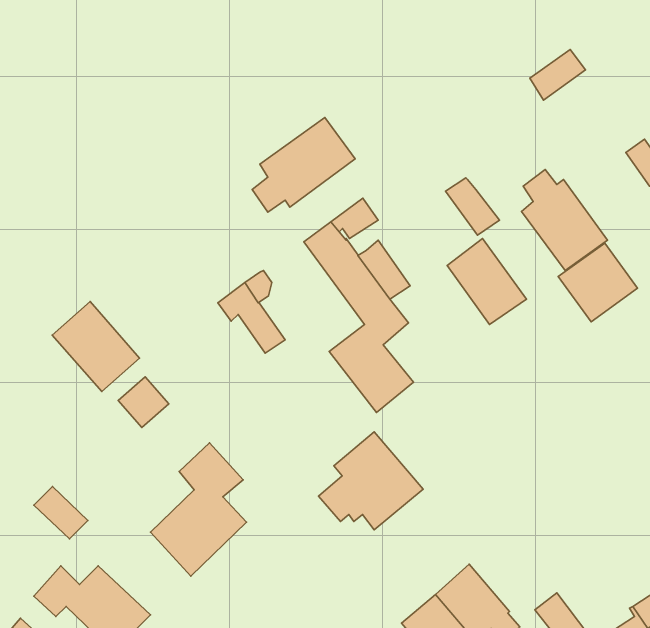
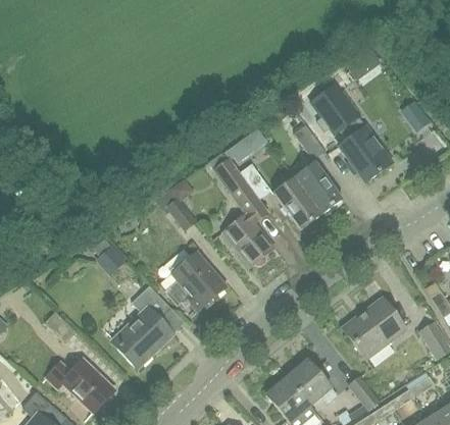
building: none -> [307,83,358,135]
building: [252,117,355,212] -> none
building: [558,243,638,322] -> none
building: none -> [272,177,319,228]
building: [52,302,140,392] -> none
building: [319,432,423,530] -> [163,252,227,311]
building: none -> [344,298,405,357]

